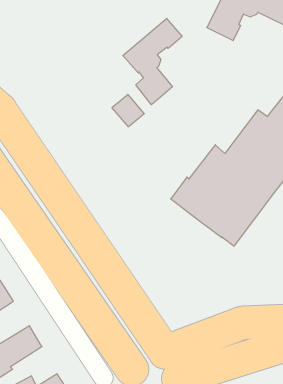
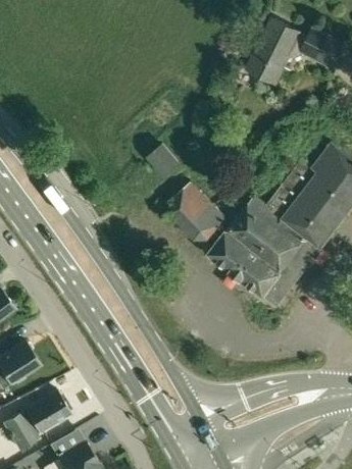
building: [123,18,182,105] -> none
building: none -> [169,181,225,240]

